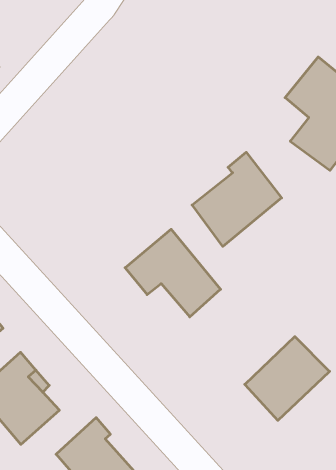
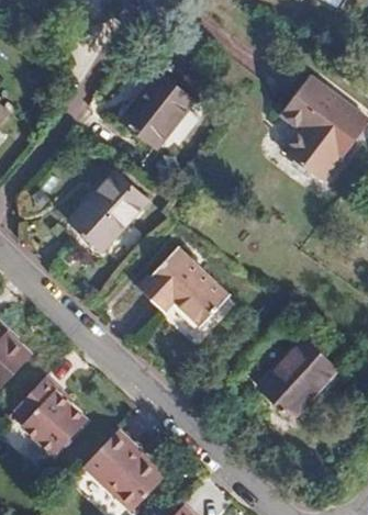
building: none -> [121,75,190,150]
building: none -> [69,177,144,256]
building: [192,152,282,246] -> none

